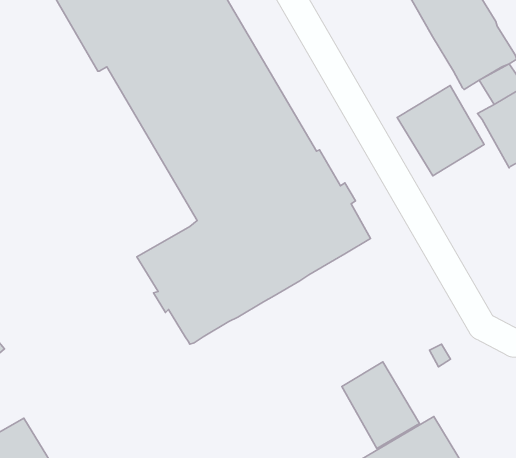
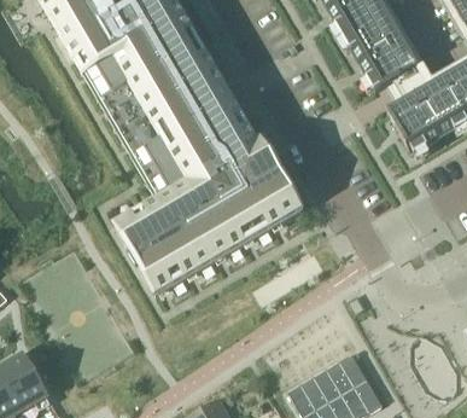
building: [397,86,484,176] -> none
building: [342,362,420,449] -> none

